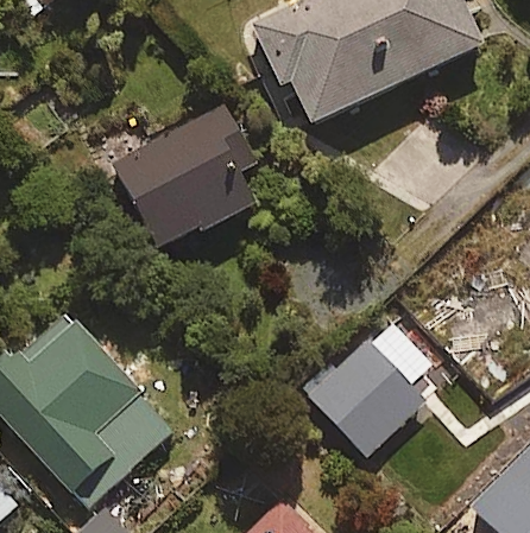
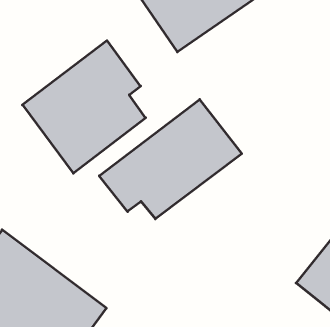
building: none -> [99,99,242,219]
building: [309,338,427,456] -> none

